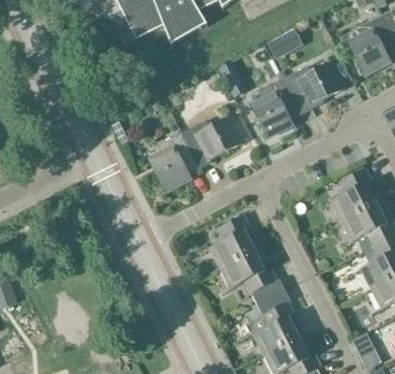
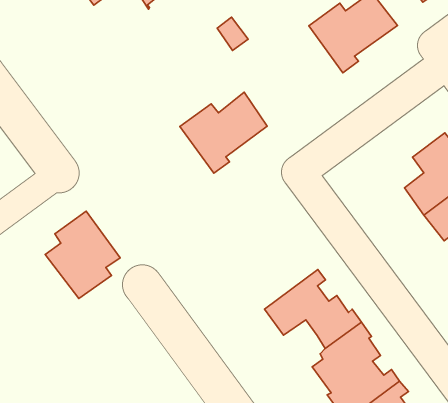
building: [249,78,301,137] -> none
building: [148,132,200,192] -> [45,211,120,298]
building: [209,214,260,269] -> none

